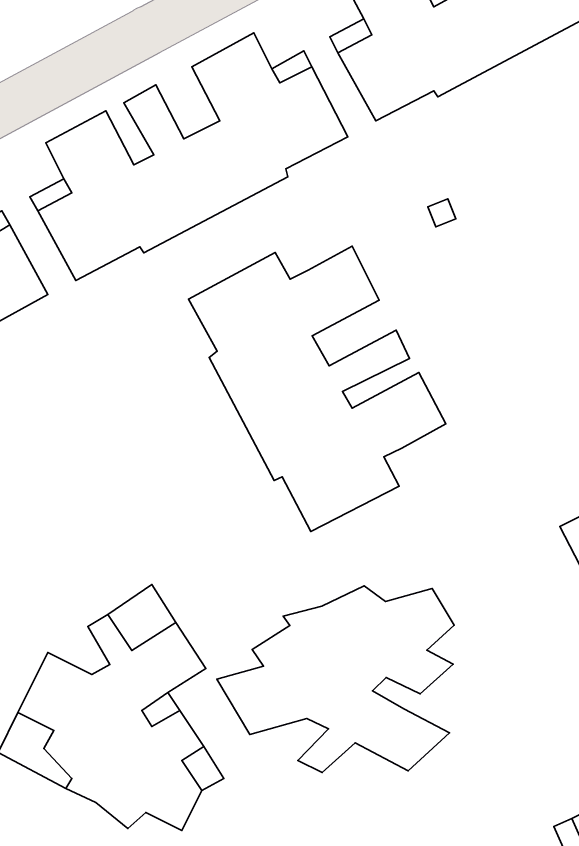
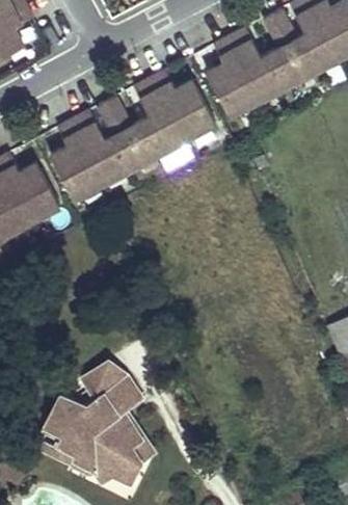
building: [189,246,446,532] -> none
building: [217,586,454,773] -> none

